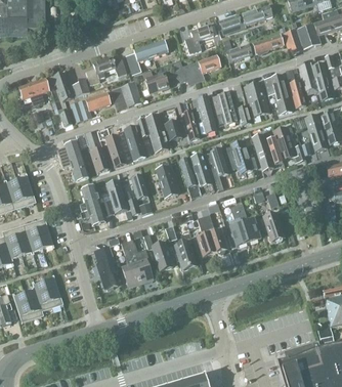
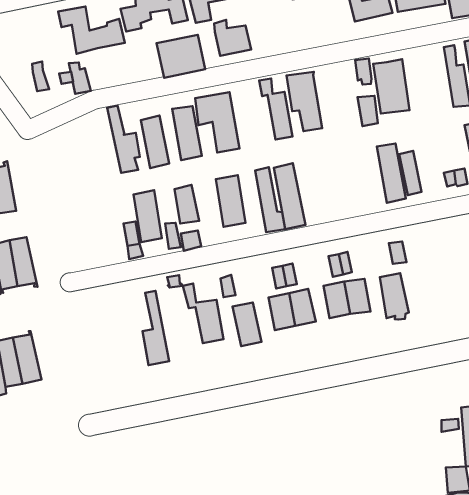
building: [171,55,218,84] -> none
building: [263,74,292,114] -> none
building: [18,77,49,104] -> none
building: [70,91,111,122] -> none
building: [211,91,238,124] -> none
building: [163,108,182,139] -> none
building: [273,126,295,159] -> none
building: [56,139,88,180] -> none
building: [225,139,252,172] -> none
building: [205,146,228,177] -> none
building: [80,184,105,224] -> none
building: [127,239,153,283] -> none
building: [96,246,118,288] -> none

